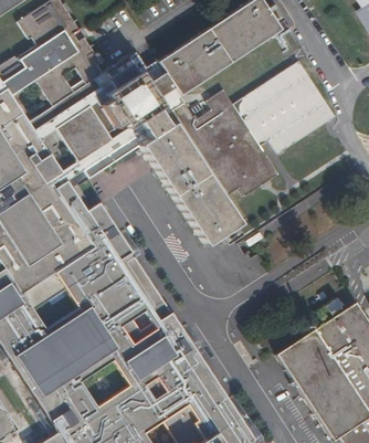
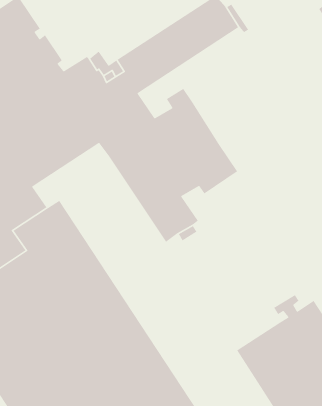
building: [232,61,333,154] -> none

